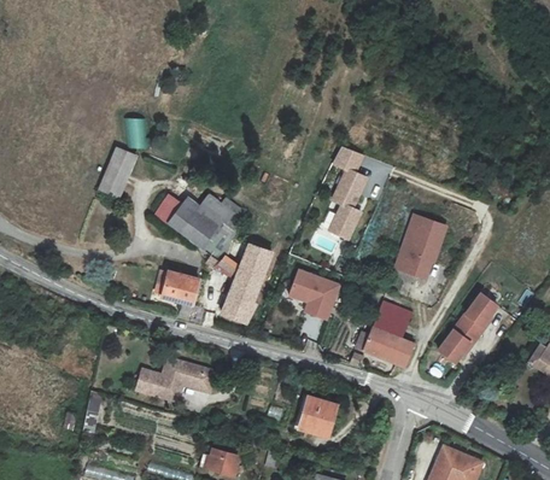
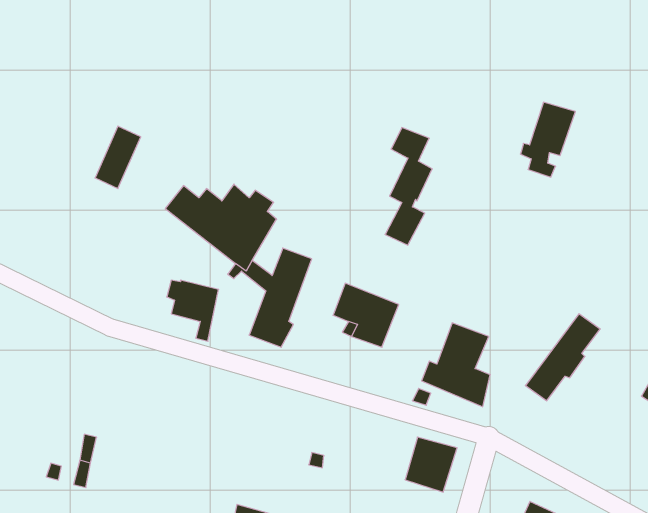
building: [399,217,443,276] -> [520,102,575,177]
building: [135,356,215,397] -> none
building: [296,393,337,437] -> [405,437,457,492]

